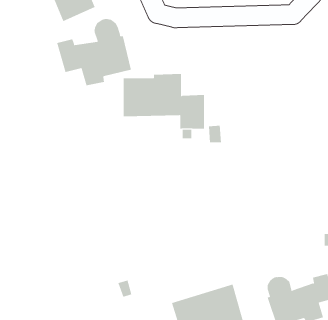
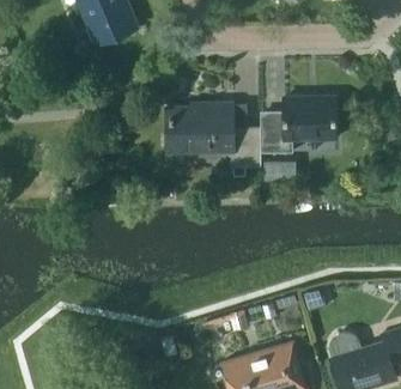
building: [57,18,132,86] -> none
building: none -> [260,97,336,153]

